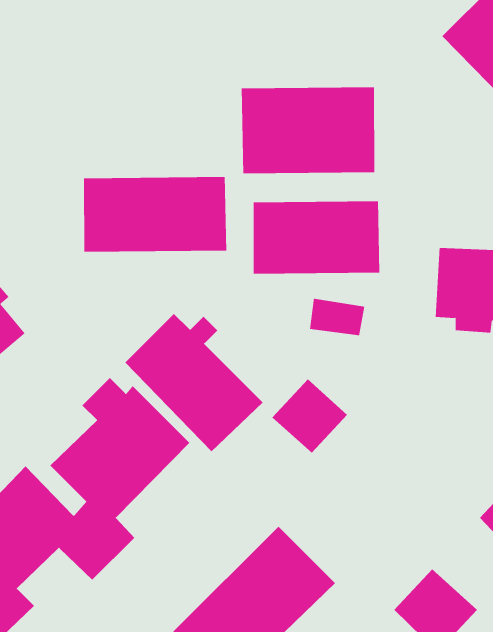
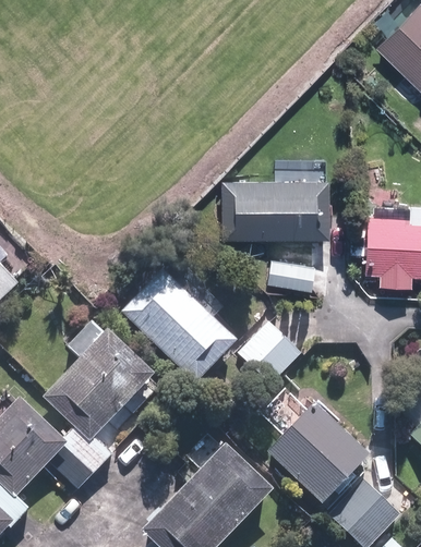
building: [241,87,375,174] -> none
building: [84,176,227,253] -> none
building: none -> [253,403,351,501]

